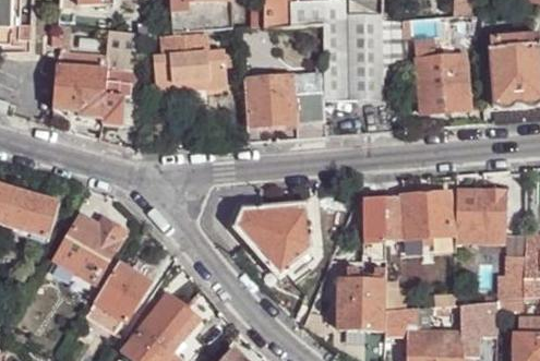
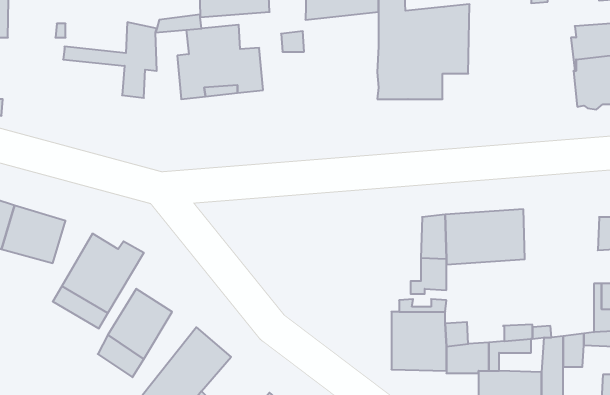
building: [416,39,470,113] -> none
building: [55,64,127,125] -> none
building: [244,74,325,136] -> none
building: [456,191,507,229] -> none
building: [236,203,314,278] -> none

